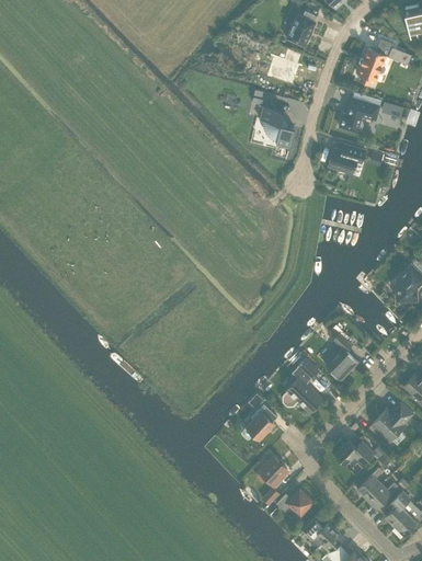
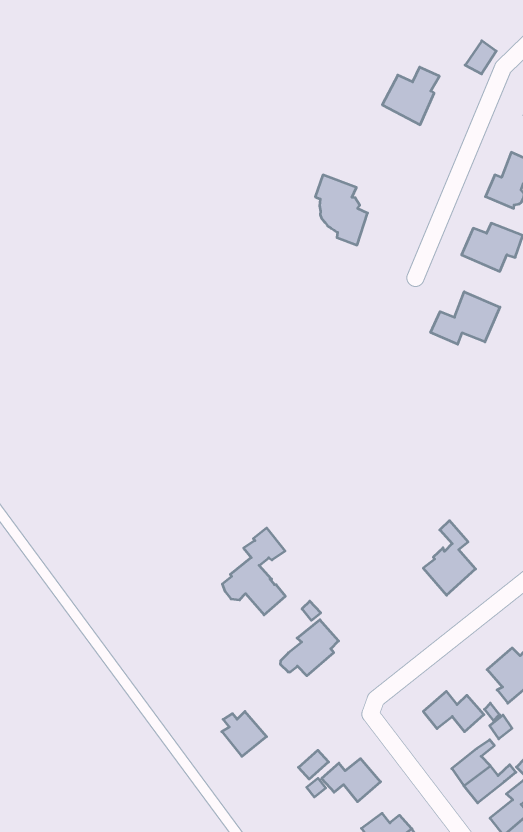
building: [287,13,318,49] -> none
building: [260,106,294,148] -> [315,175,368,245]
building: none -> [431,292,500,344]
building: [282,358,322,413] -> [222,528,285,615]
building: [260,457,288,485] -> [222,711,267,756]

